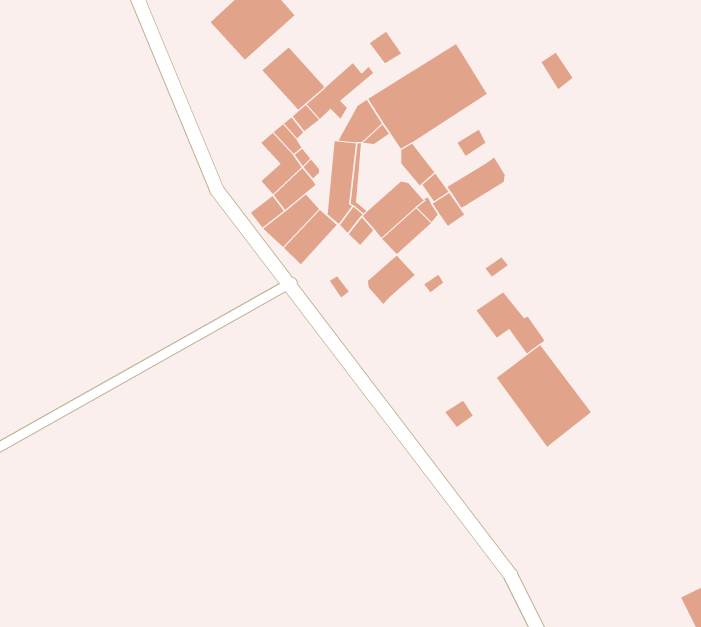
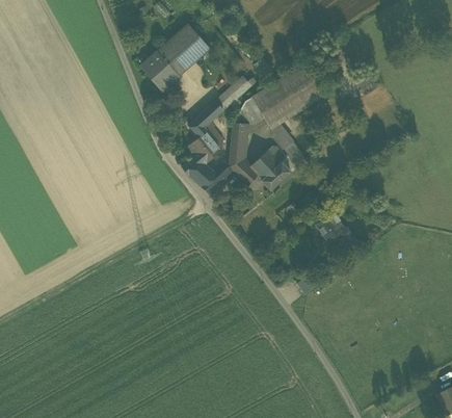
building: [261,48,324,111] -> [140,52,178,89]
building: [447,157,505,209] -> none
building: [367,255,416,305] -> none
building: [496,344,592,448] -> none

